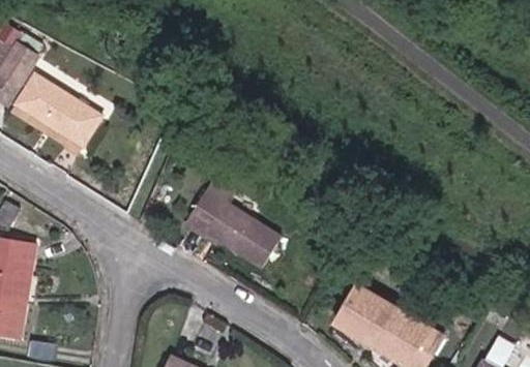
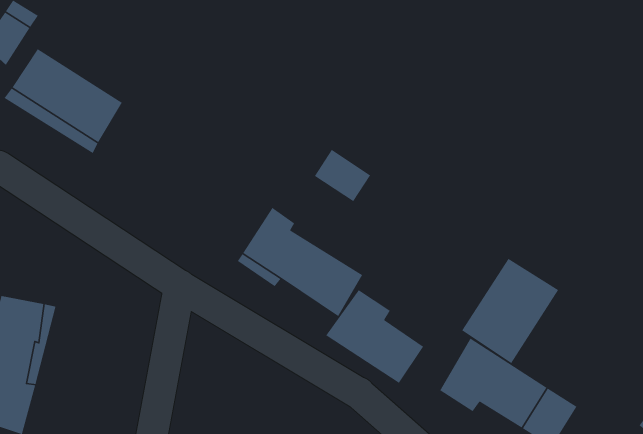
building: none -> [314,149,371,202]
building: none -> [461,258,559,364]
building: none -> [325,289,424,384]

